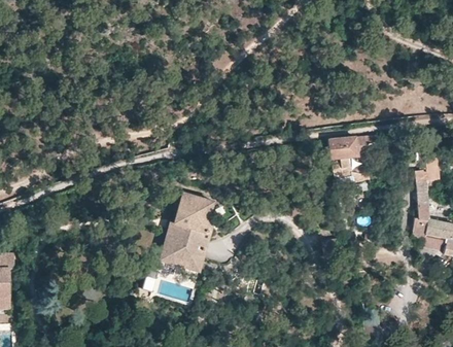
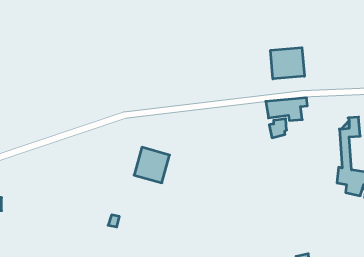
building: none -> [271,48,304,79]
building: [156,224,210,274] -> none

